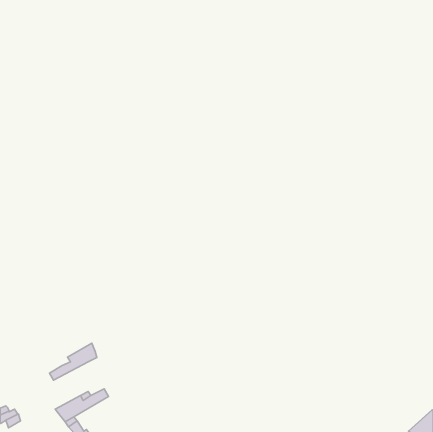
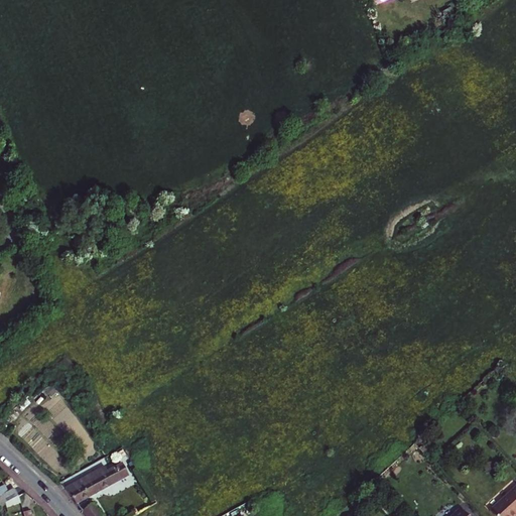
building: [50,343,97,380] -> none

